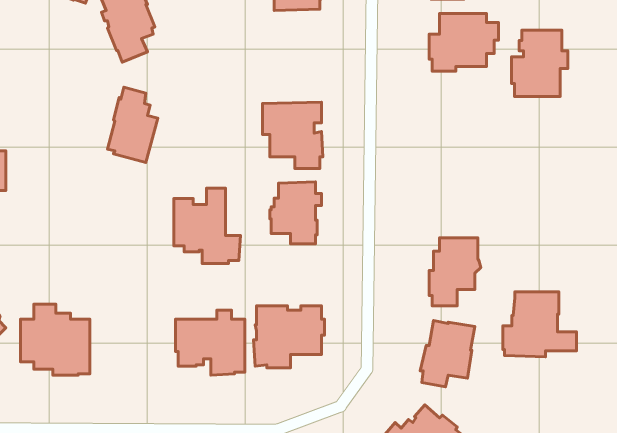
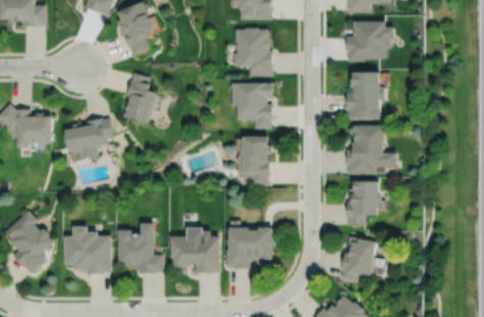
building: none -> [232,29,271,76]
building: [512,30,568,97] -> [345,74,384,120]
building: none -> [66,118,114,160]
building: [174,188,240,264] -> [118,220,164,272]
building: [503,292,577,357] -> [345,127,396,172]

